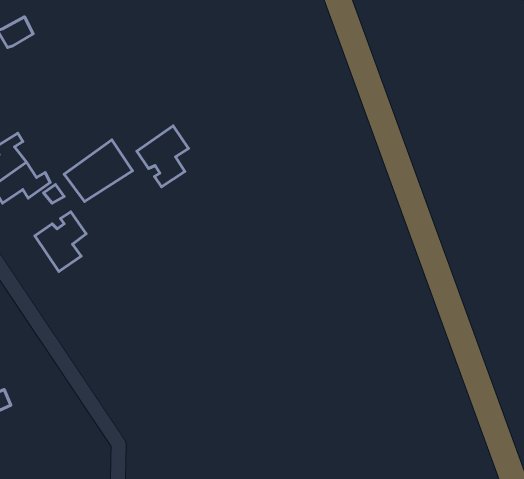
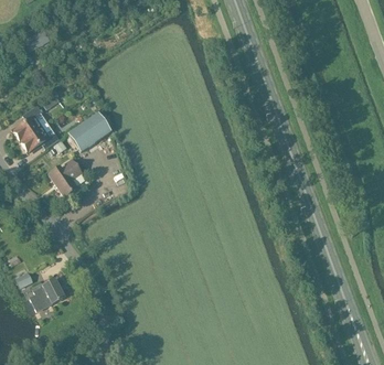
building: [137,126,188,187] -> none
building: none -> [31,278,64,309]

